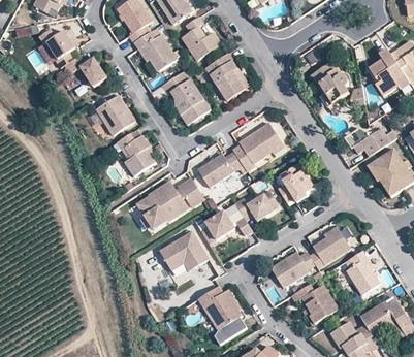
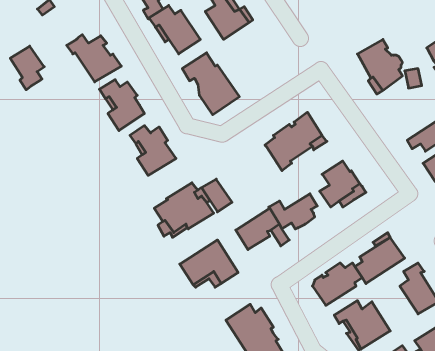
building: [45,31,74,68] -> [10,46,44,90]
building: [204,53,244,99] -> none
building: [196,151,242,187] -> none

